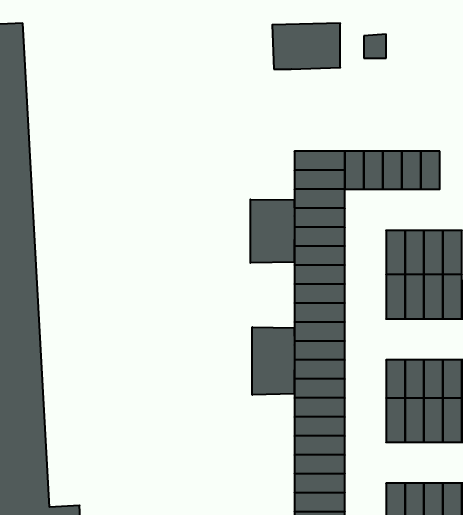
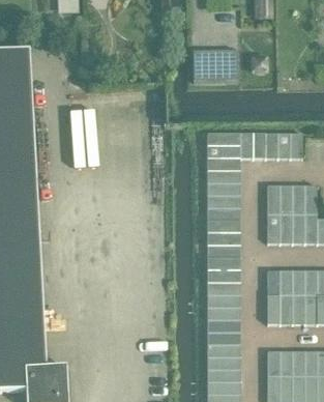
building: [250,199,294,263] -> none
building: [252,327,294,395] -> none

